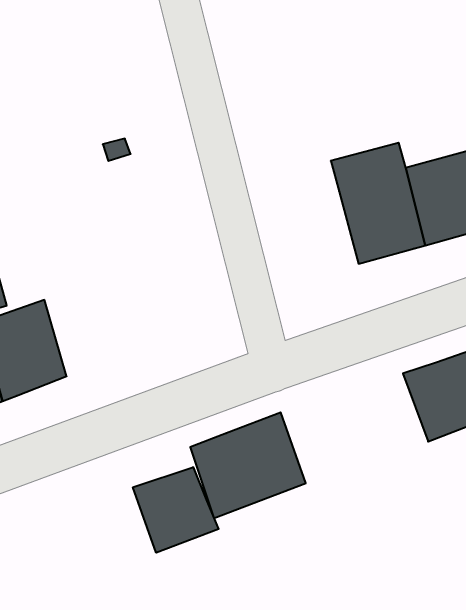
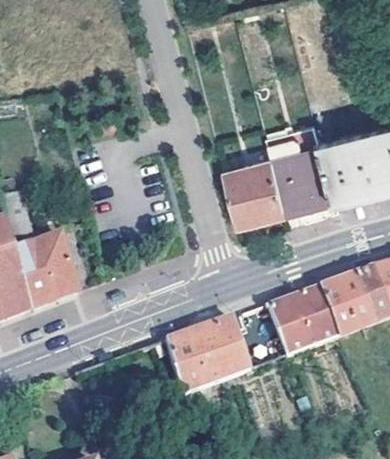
building: none -> [225,157,286,223]
building: none -> [268,288,336,352]
building: [133,467,219,553] -> none

